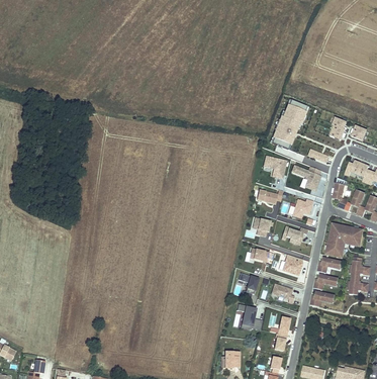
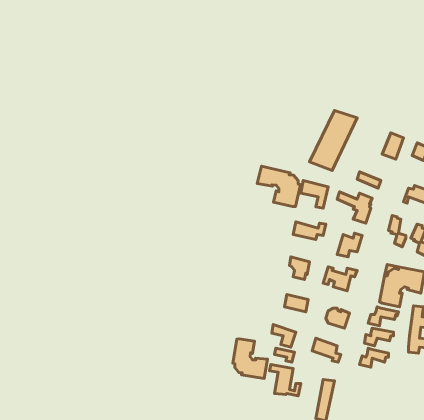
building: none -> [257,166,301,206]
building: none -> [233,339,268,379]

